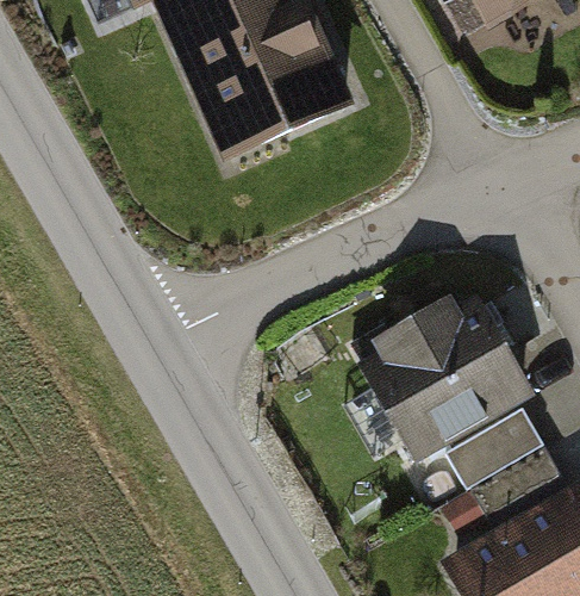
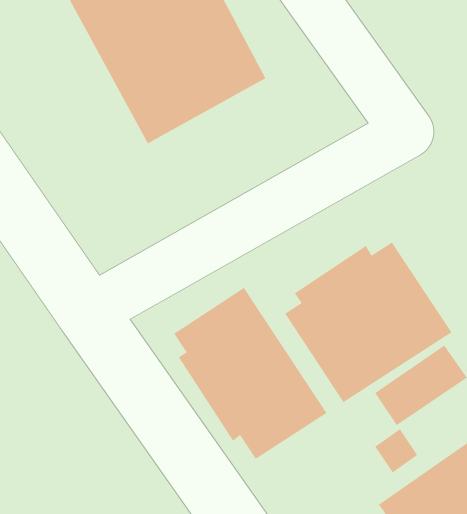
building: none -> [173,287,328,460]

